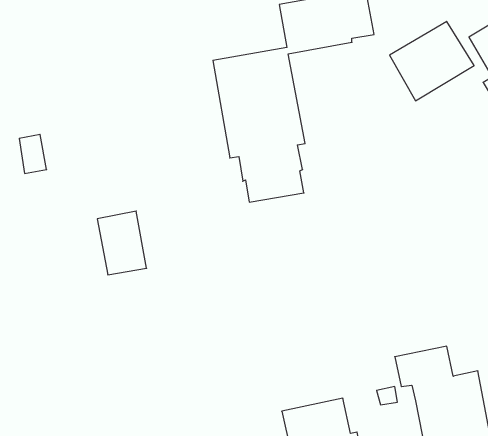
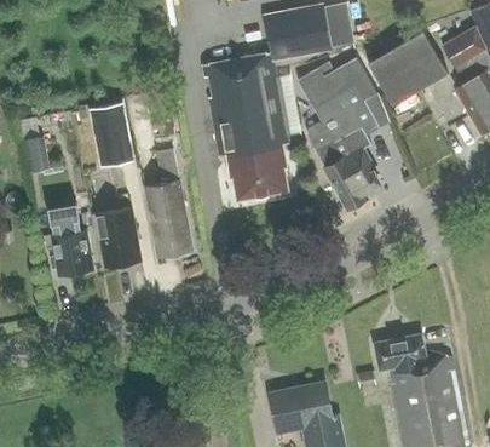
building: none -> [298,57,380,210]
building: none -> [91,103,133,167]
building: none -> [144,149,194,258]
building: none -> [48,202,94,279]

